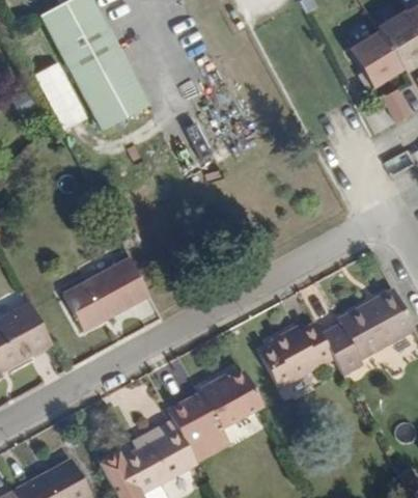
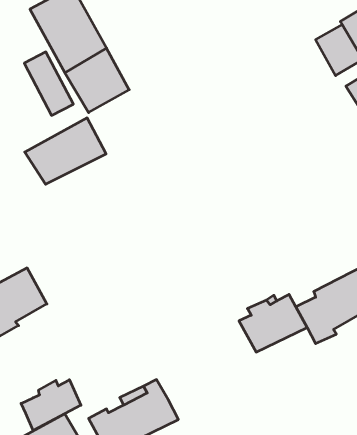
building: [60,254,149,327] -> [25,118,106,184]
building: [170,370,266,442] -> none
building: none -> [21,380,81,430]

